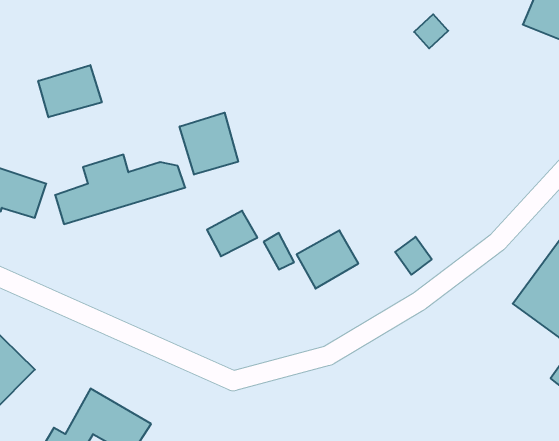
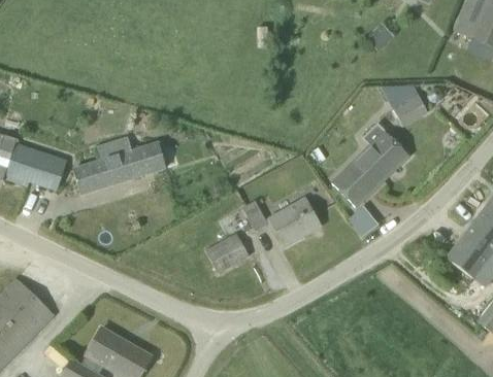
building: [38,65,102,117] -> none
building: none -> [383,87,423,117]
building: [180,113,238,175] -> none
building: none -> [331,124,407,207]
building: [207,211,257,256] -> [206,235,248,272]

